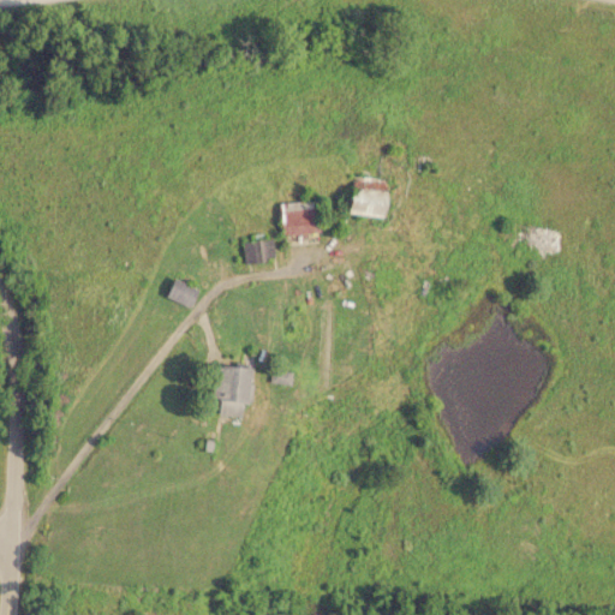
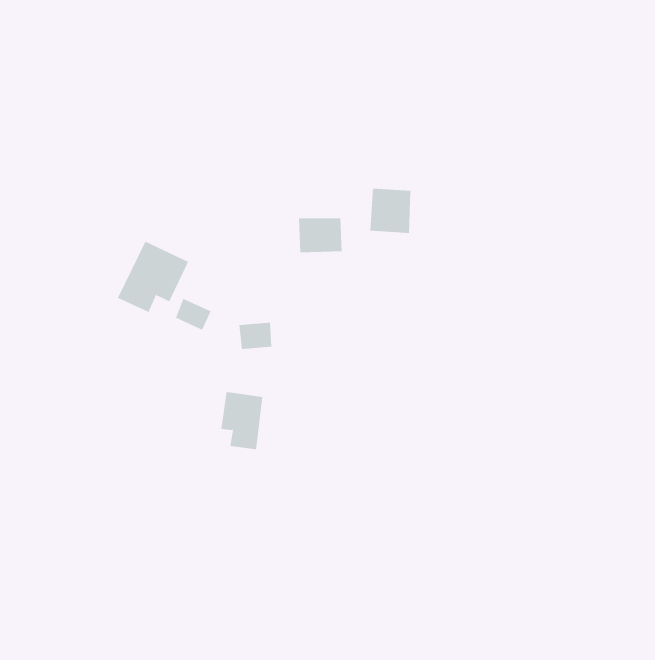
building: none -> [117,241,189,313]
building: [246,239,277,264] -> [238,322,272,349]

